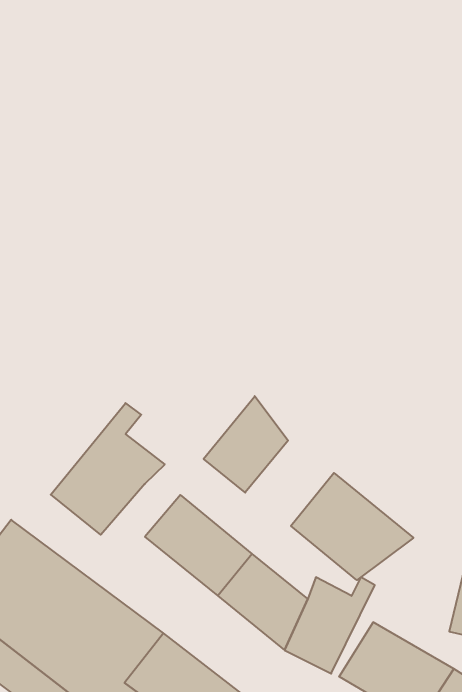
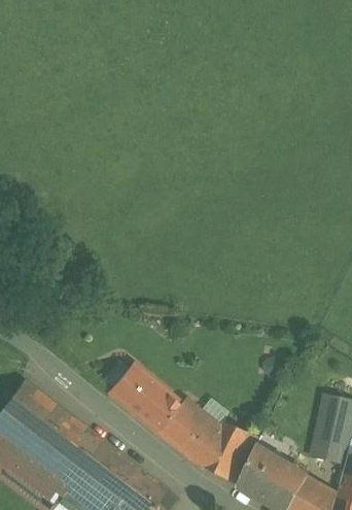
building: [204,396,288,493] -> none
building: [51,403,165,535] -> none
building: [291,473,413,580] -> none

